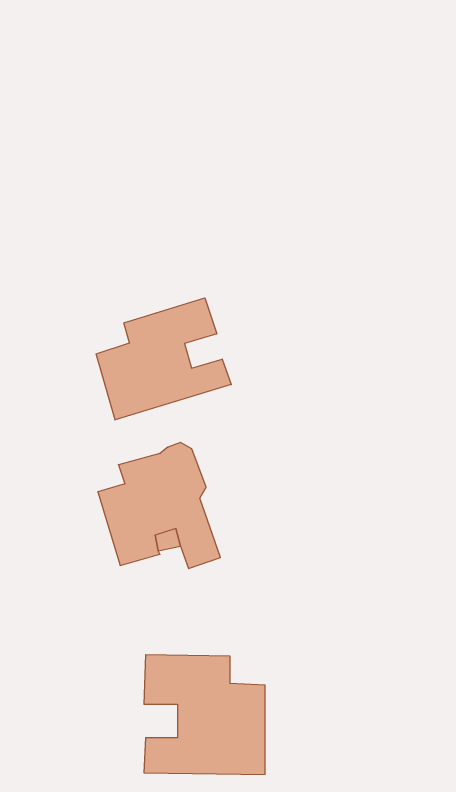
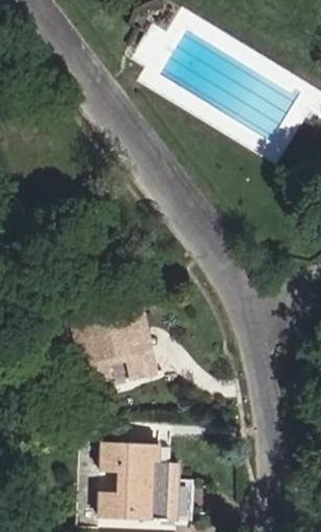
building: [96,298,231,420] -> none

